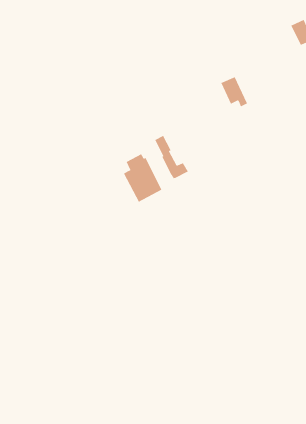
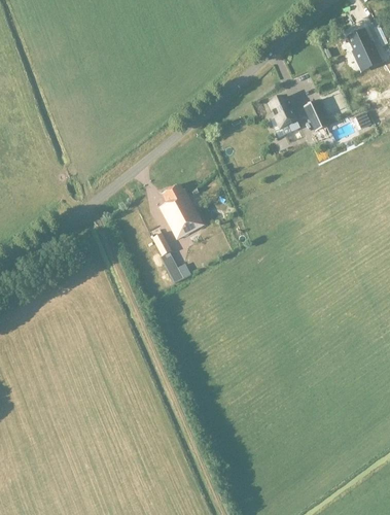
building: none -> [306,99,331,130]
building: [154,135,189,180] -> [153,233,192,283]

